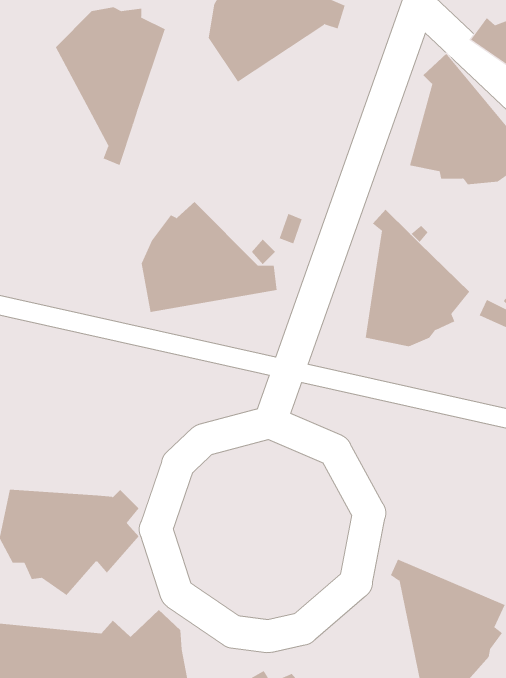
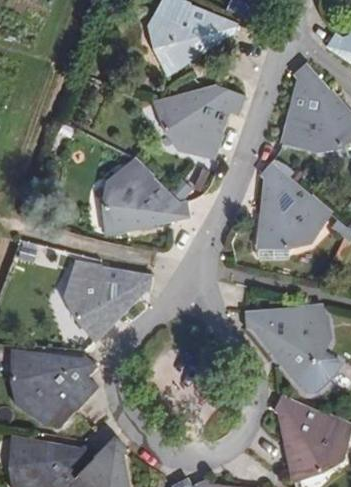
building: [55,7,166,166] -> none
building: none -> [155,82,249,156]
building: none -> [69,254,154,341]
building: none -> [242,313,327,388]

